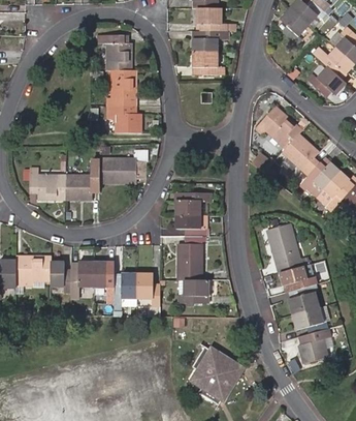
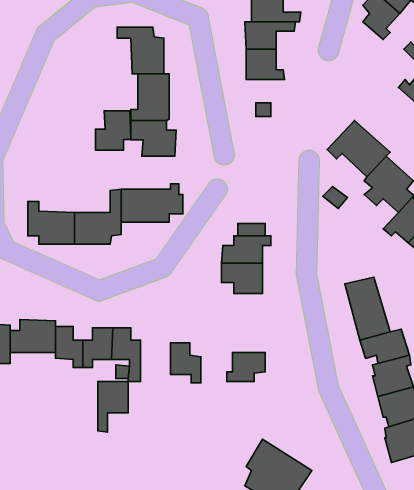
building: none -> [95,111,131,150]
building: [177,236,201,280] -> none
building: [114,273,136,311] -> [98,381,128,432]

